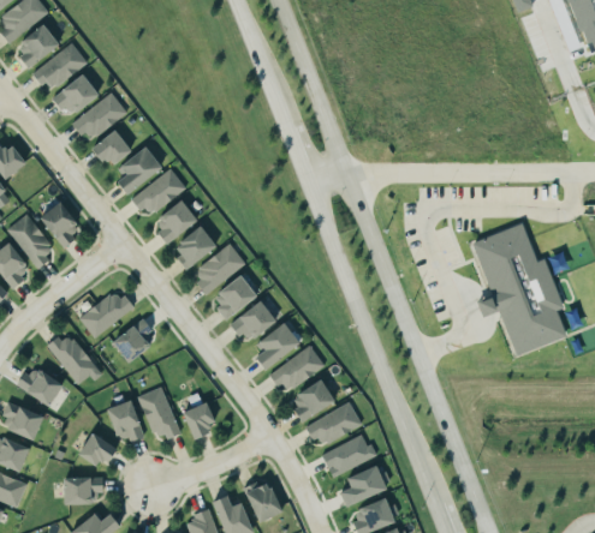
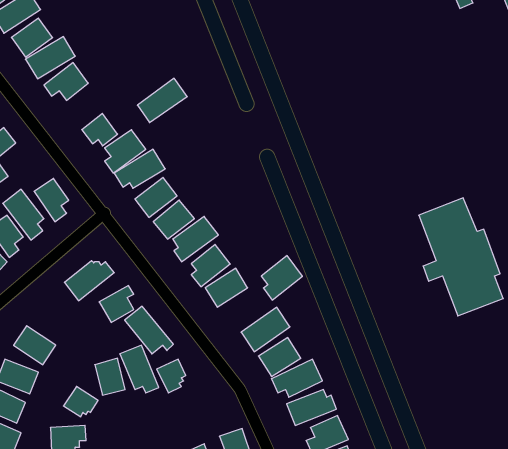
building: [71,92,126,142] -> [137,78,187,123]
building: [256,322,302,371] -> [261,256,302,300]
building: [47,331,101,384] -> [125,306,173,354]

